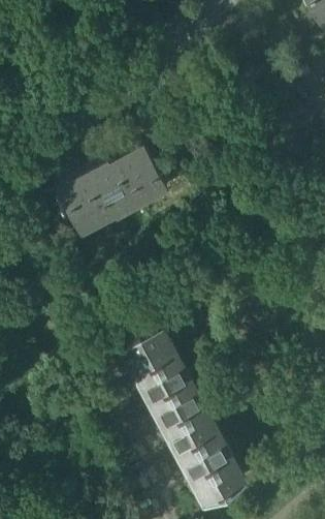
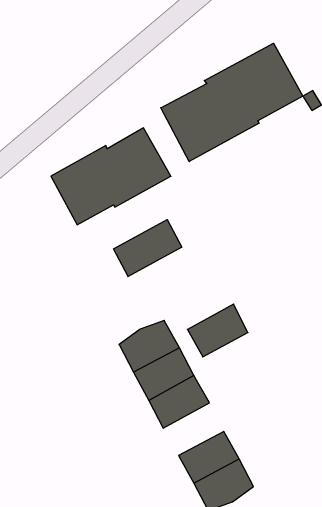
building: none -> [161,43,303,162]
building: none -> [114,220,182,277]
building: [160,405,217,455] -> [187,304,248,357]

